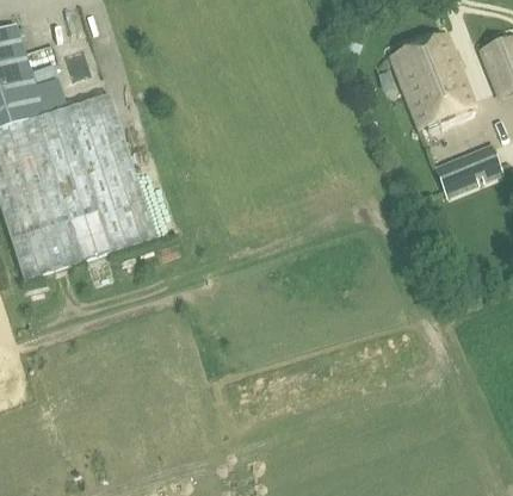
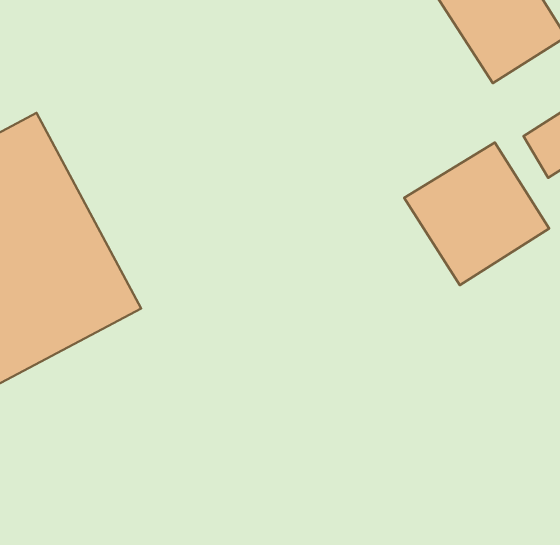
building: none -> [404,142,549,285]

